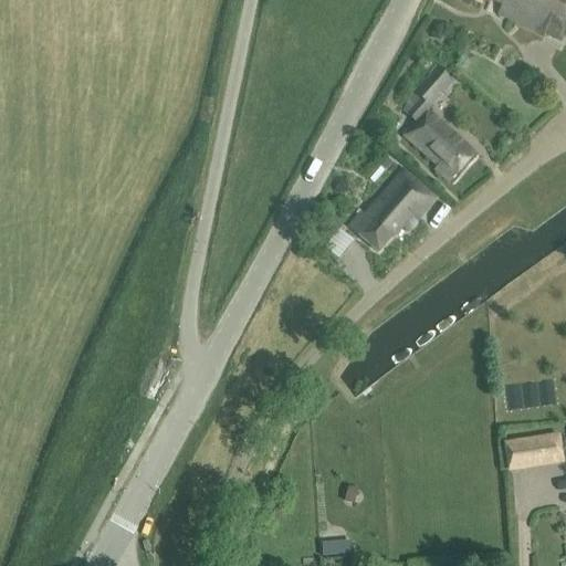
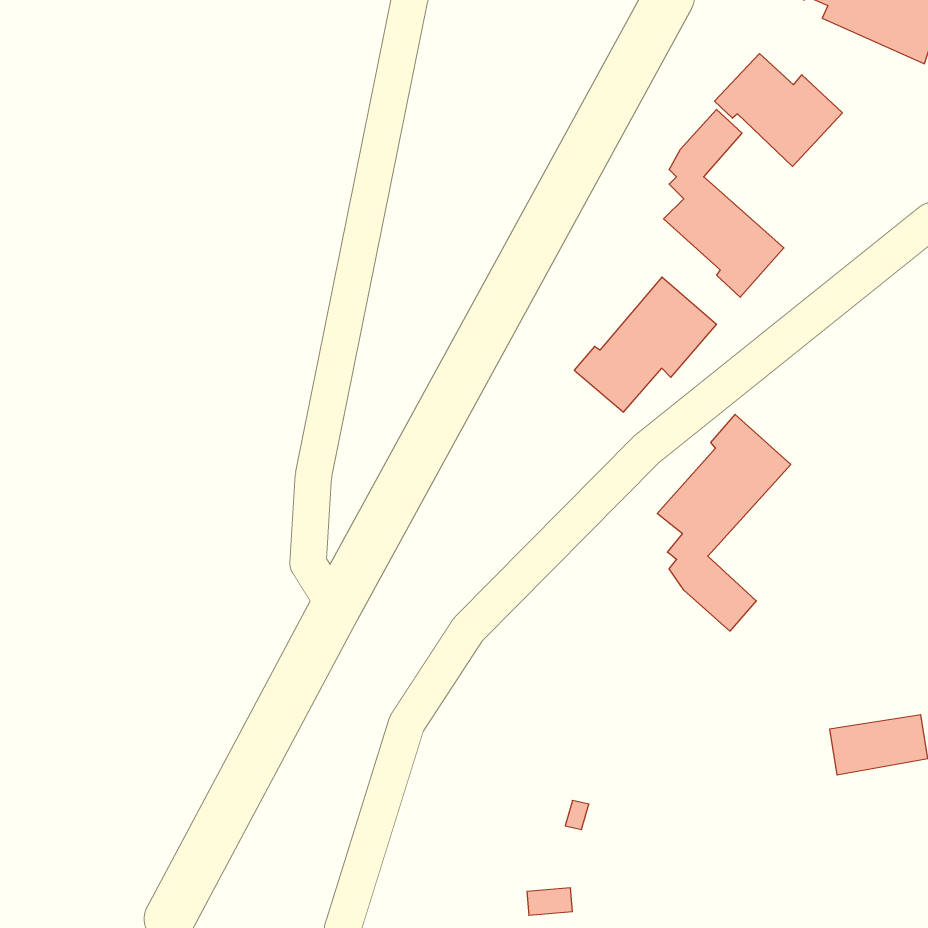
building: none -> [715,54,842,166]
building: none -> [657,414,791,631]

